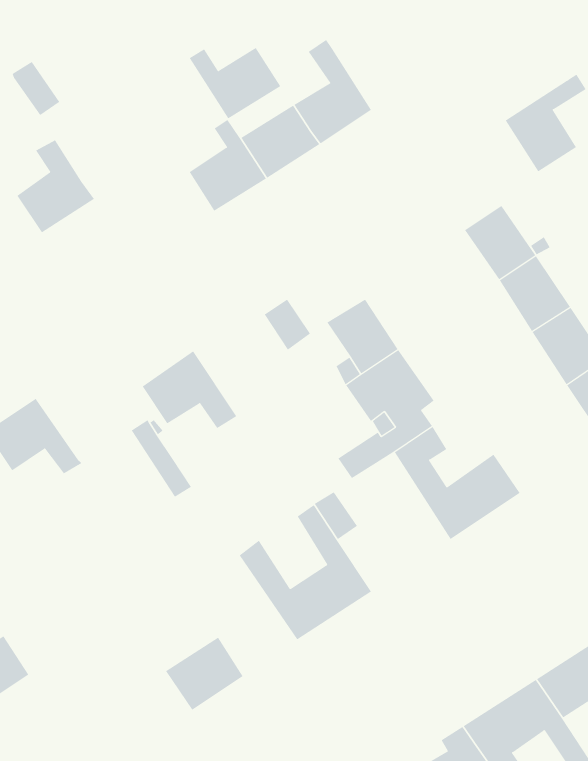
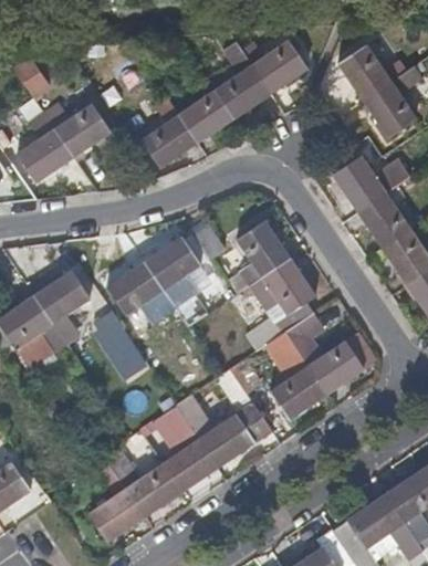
building: none -> [340,45,408,101]
building: [189,47,281,119] -> [242,42,307,93]
building: none -> [46,105,111,156]
building: none -> [144,240,198,310]
building: none -> [33,272,88,340]
building: none -> [270,335,325,420]
building: none -> [161,408,217,493]
building: none -> [87,457,143,542]

